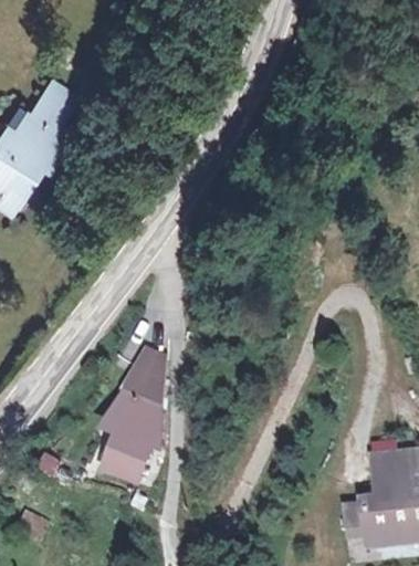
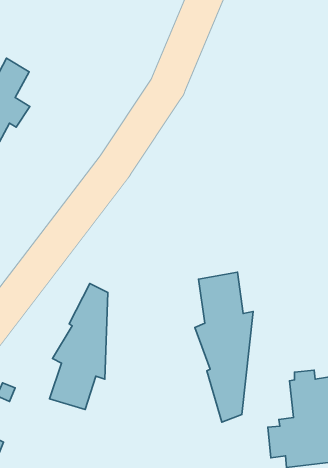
building: none -> [195,272,253,422]

